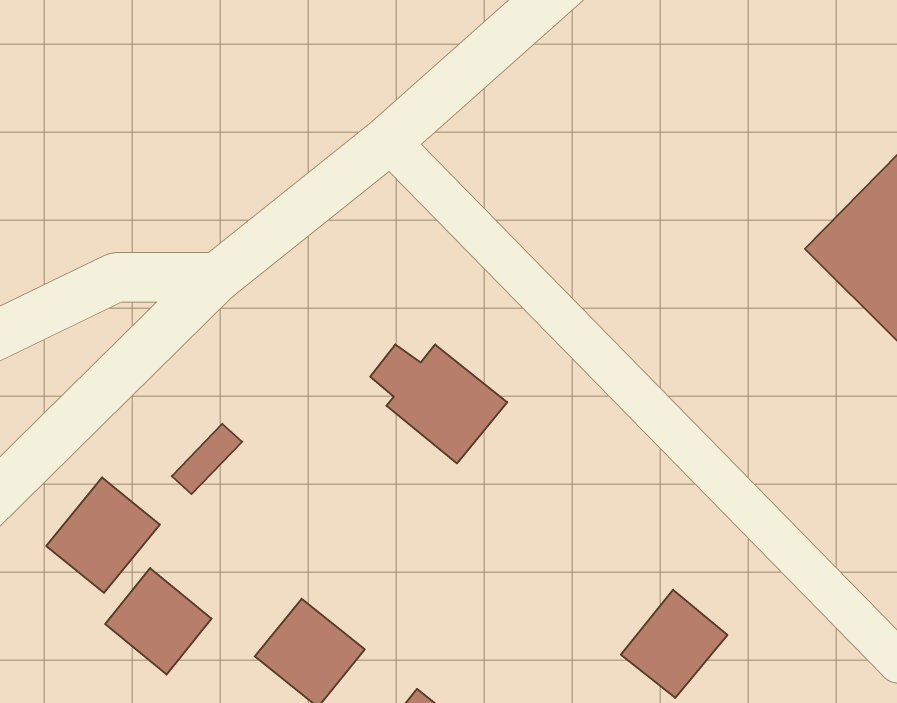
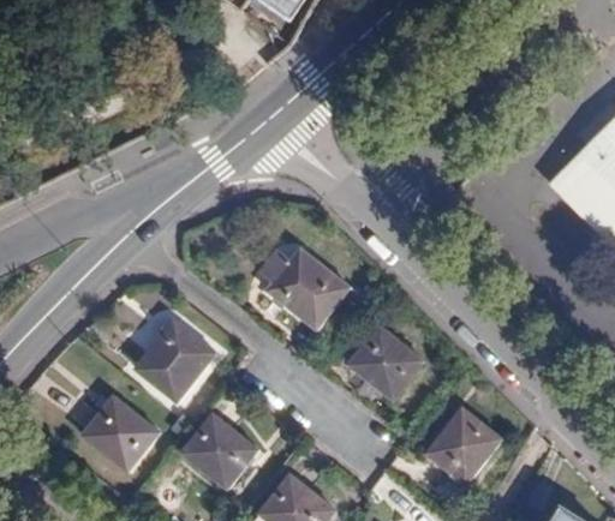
building: none -> [351,327,423,399]
building: [46,477,160,593] -> [137,323,213,400]

